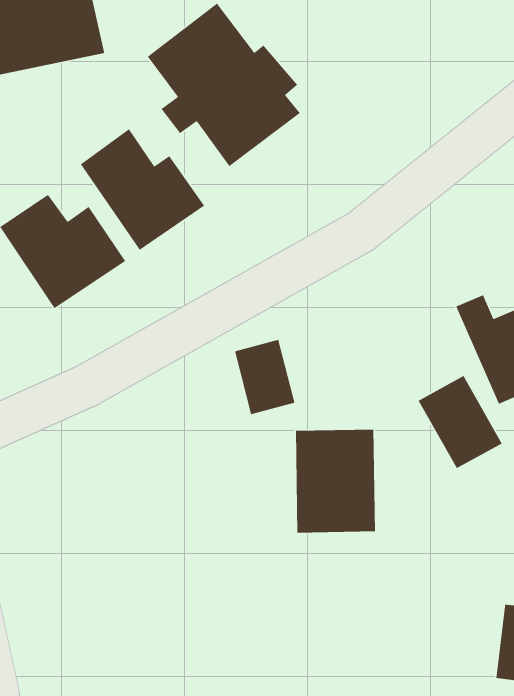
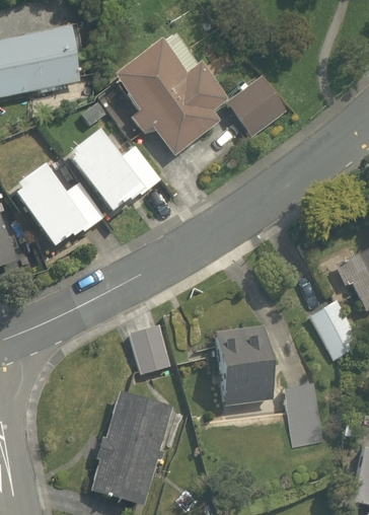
building: none -> [222,84,277,138]
building: [234,339,295,415] -> [127,323,168,375]
building: none -> [281,377,320,444]
building: none -> [91,392,169,505]

